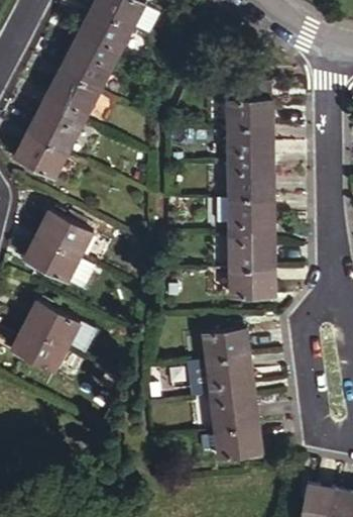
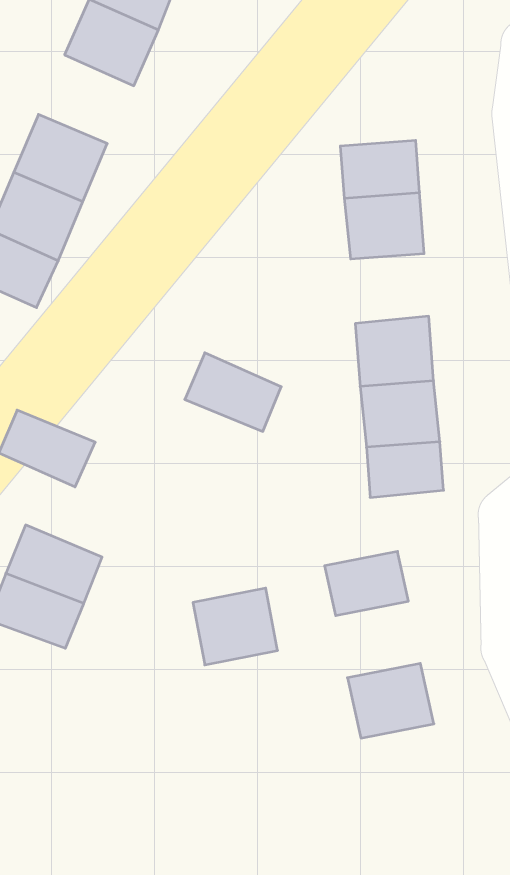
building: [62,38,116,90] -> none
building: [230,165,271,201] -> none
building: [37,210,92,256] -> [185,353,281,431]
building: [207,358,252,399] -> [193,588,278,665]
building: [216,428,260,459] -> none

